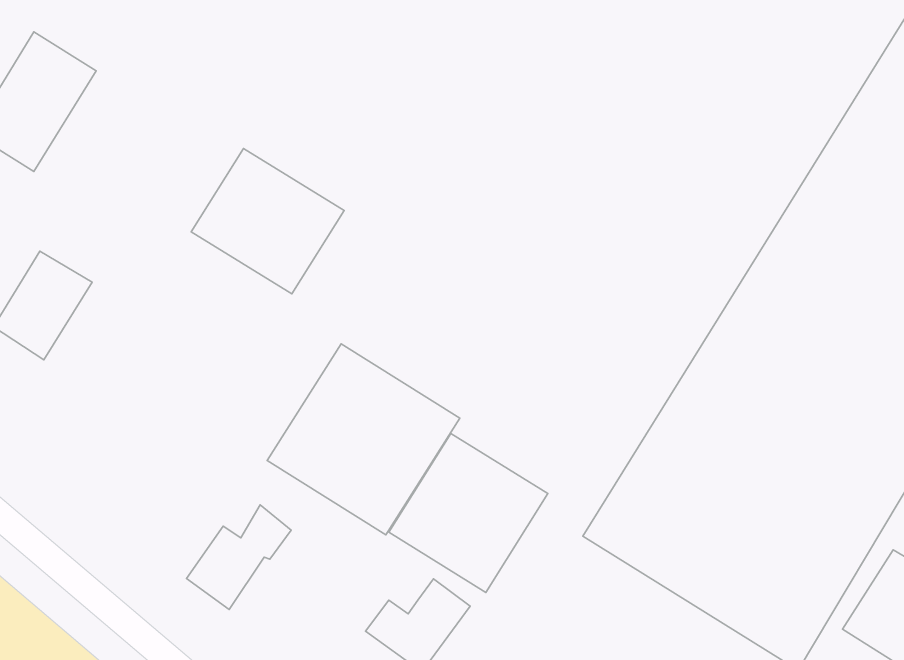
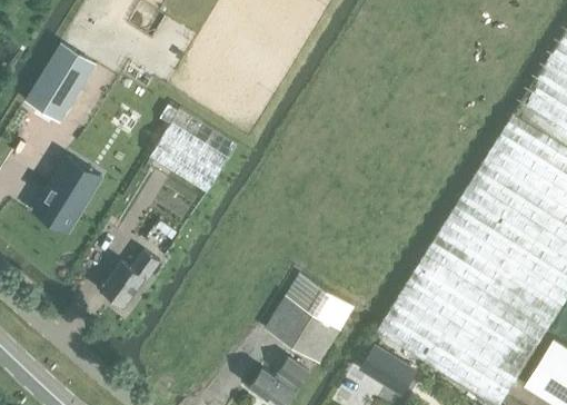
building: [267,344,460,535] -> none
building: [186,505,291,610] -> [101,248,161,308]
building: none -> [359,345,418,396]

